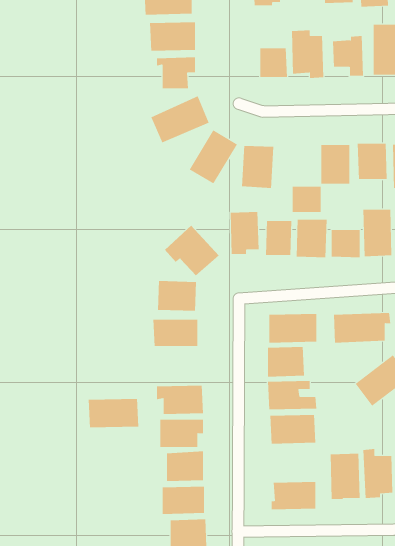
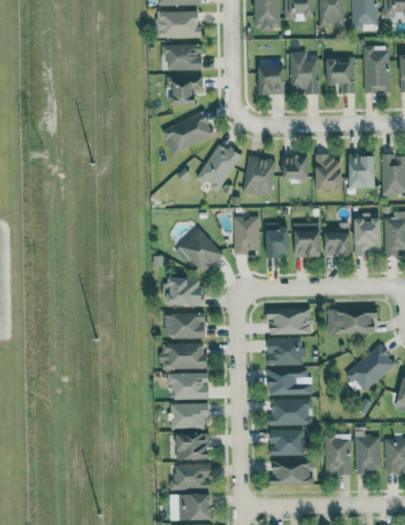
building: [292,186,321,212] -> [282,155,309,178]
building: [88,398,139,428] -> [160,342,206,369]
building: none -> [268,430,308,455]

